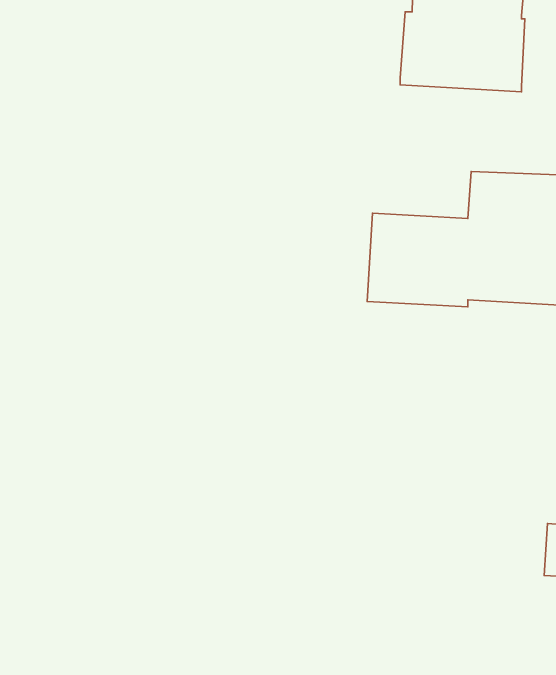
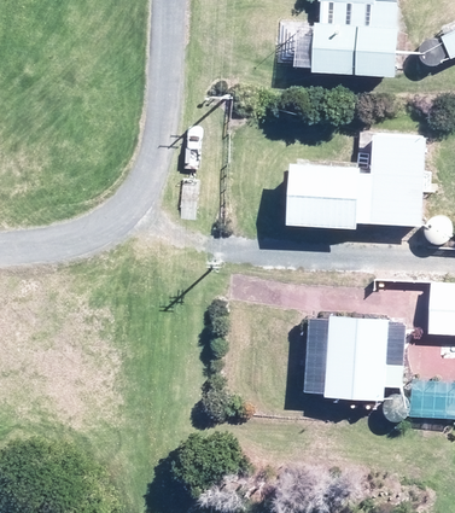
building: none -> [304,315,404,398]

